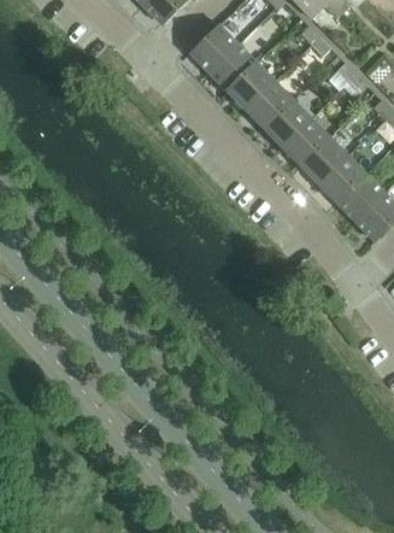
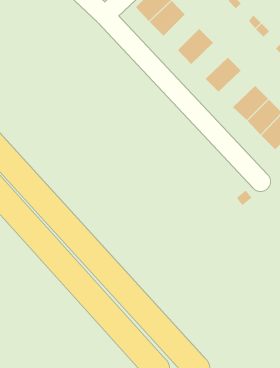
building: [228,63,275,110] -> none
building: [264,100,312,147] -> none
building: [300,136,348,184] -> none

